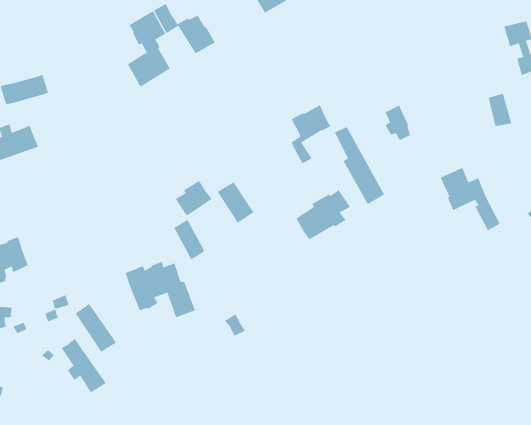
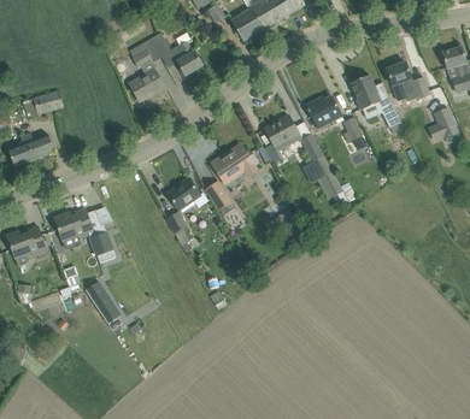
building: none -> [386,61,429,98]
building: none -> [306,95,340,125]
building: [440,167,501,231] -> [349,73,400,126]
building: [296,189,351,240] -> [212,140,258,182]
building: [125,261,196,318] -> [53,207,112,254]
building: [61,338,107,393] -> none

